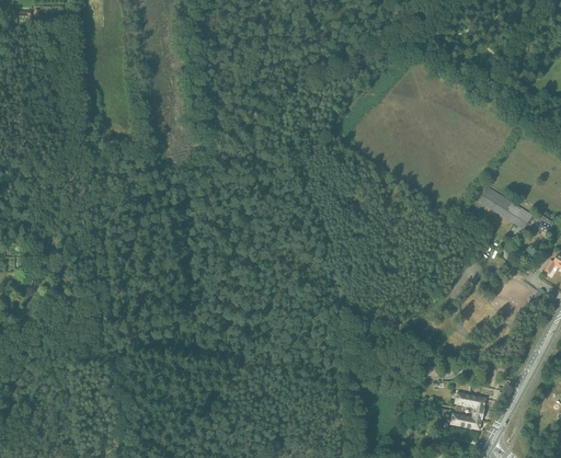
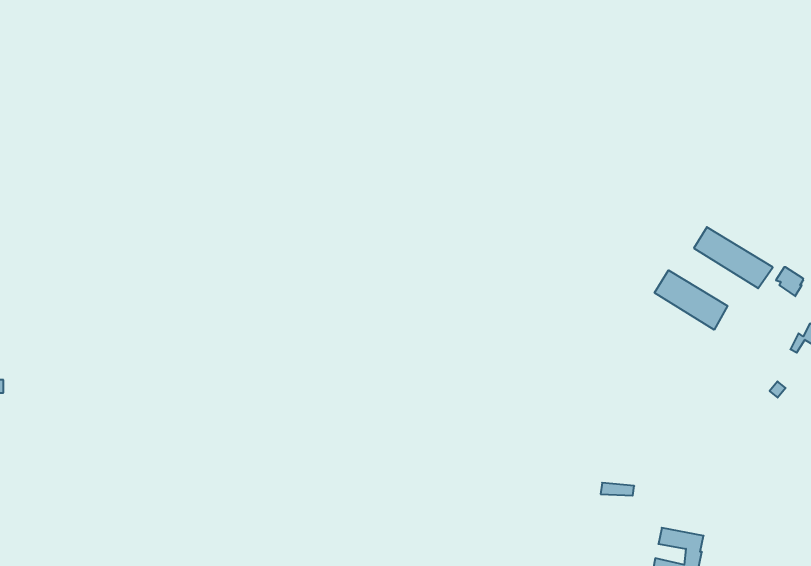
building: none -> [655,270,727,330]

